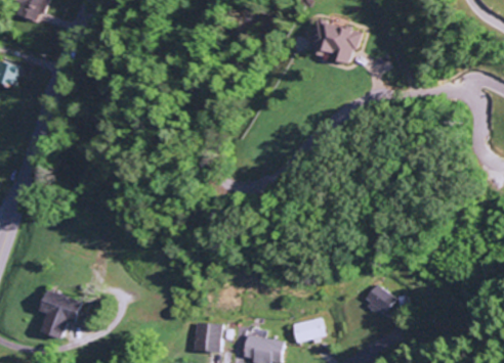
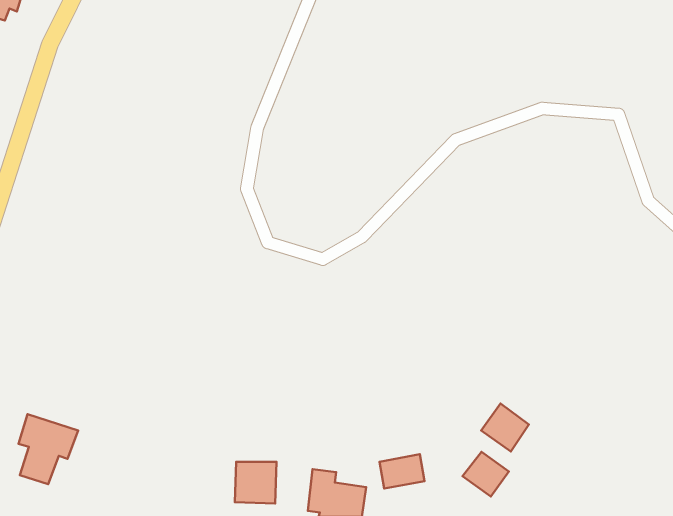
building: [304,18,361,65] -> none
building: none -> [463,452,509,496]

